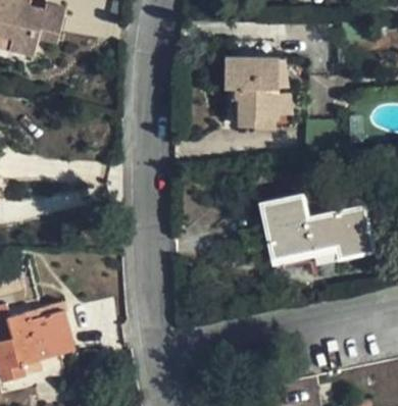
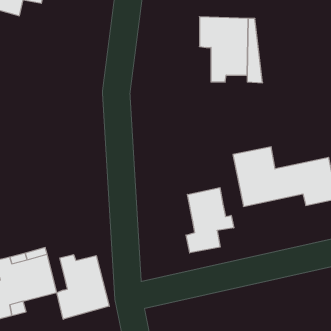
building: none -> [186,188,234,253]
building: none -> [57,255,109,319]

